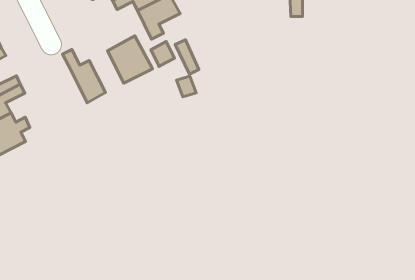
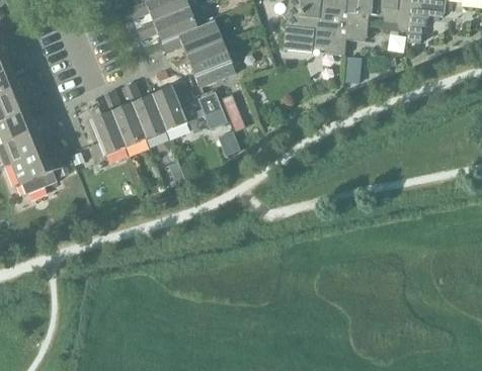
building: none -> [125,82,166,138]
building: none -> [89,111,126,160]

